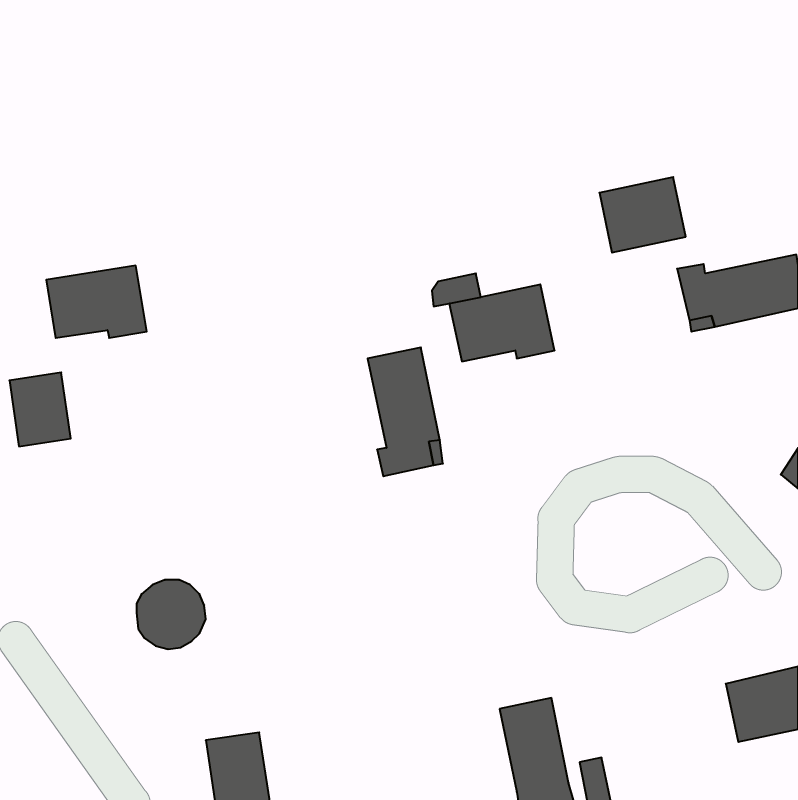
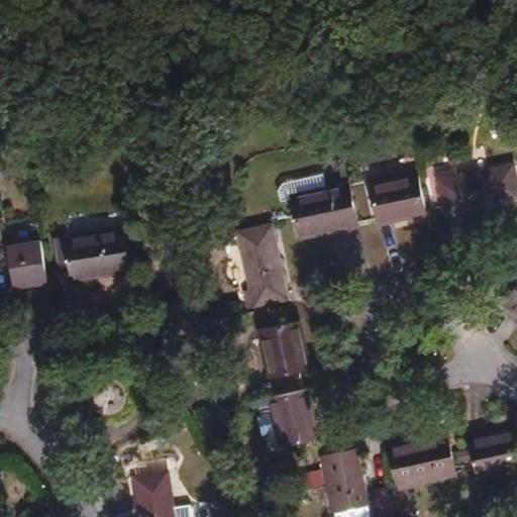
building: [599,177,686,253] -> [369,177,424,225]
building: [46,266,147,338] -> [67,227,131,274]
building: none -> [260,322,308,378]
building: none -> [268,390,316,446]
building: none -> [389,441,453,490]

